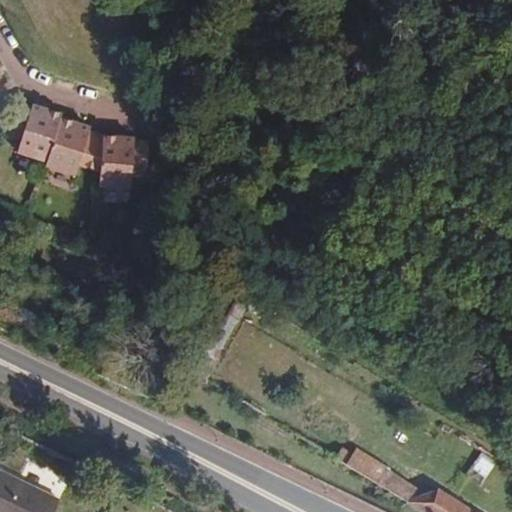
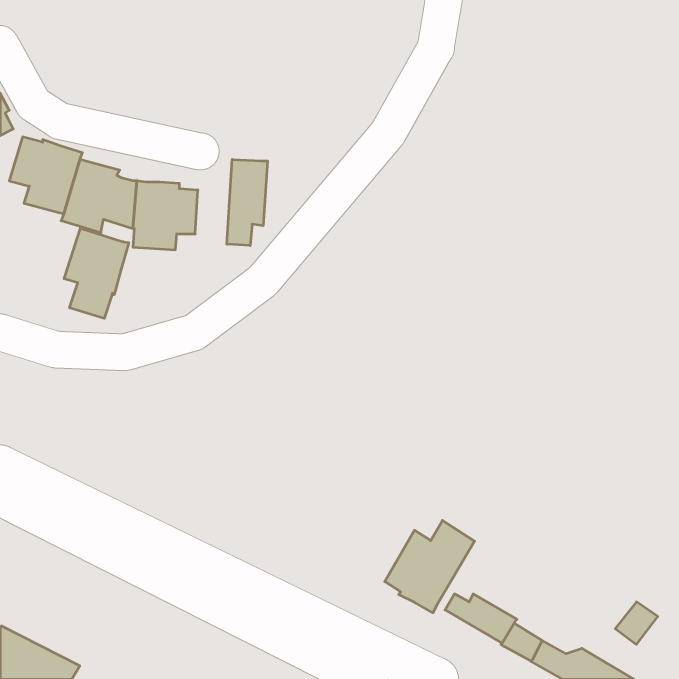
building: none -> [227,159,267,246]
building: none -> [64,228,129,318]
building: none -> [385,520,475,613]

